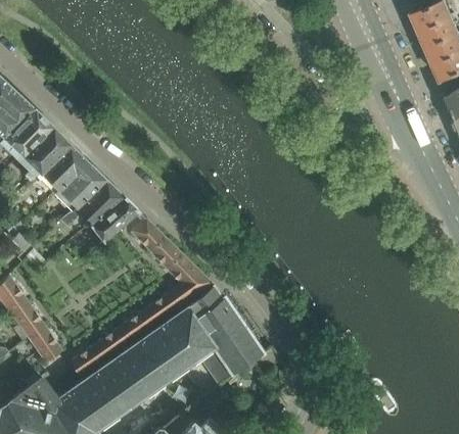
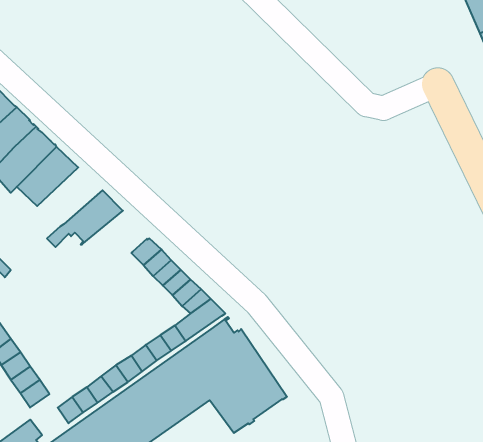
building: [51,160,106,210] -> none
building: [89,197,137,242] -> none

